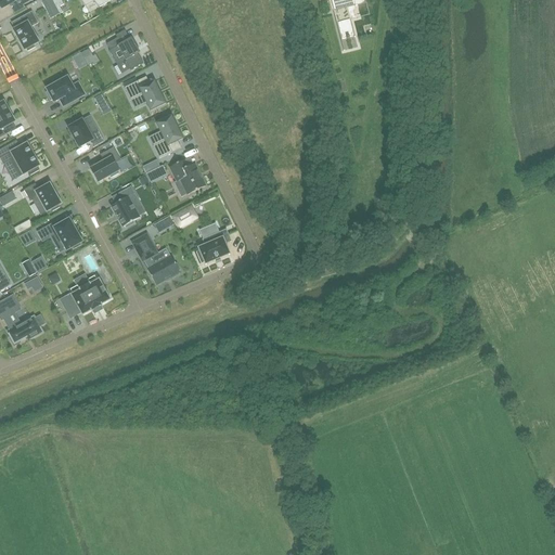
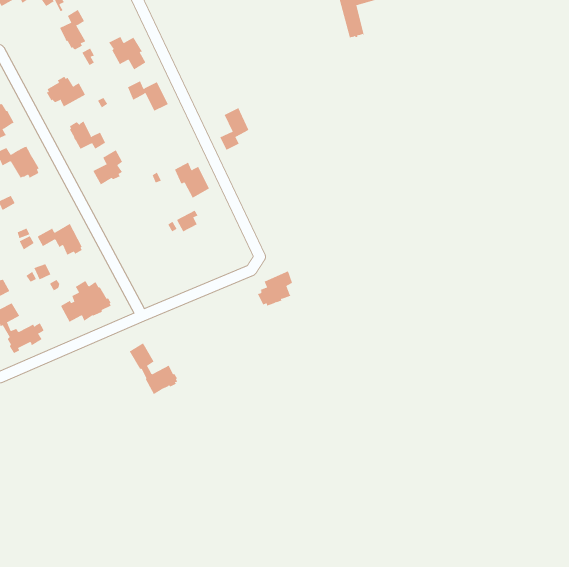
building: [12,9,38,49] -> [59,9,86,50]
building: [152,114,181,156] -> [219,107,250,151]
building: [23,181,60,209] -> none
building: [111,184,138,225] -> none
building: [195,227,230,262] -> [257,270,293,307]
building: [131,232,179,283] -> [129,343,178,395]

